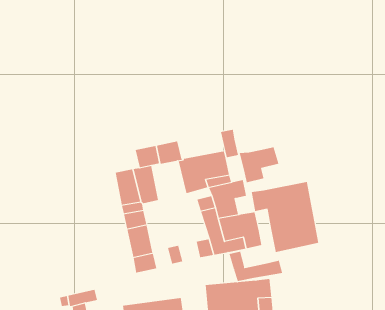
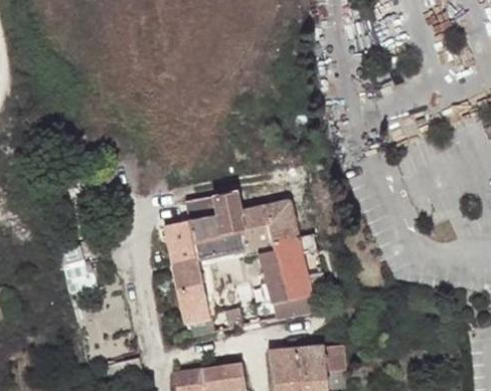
building: [239,147,279,183] -> none
building: none -> [206,211,244,255]
building: [251,181,319,253] -> none
building: [229,251,283,282] -> none

